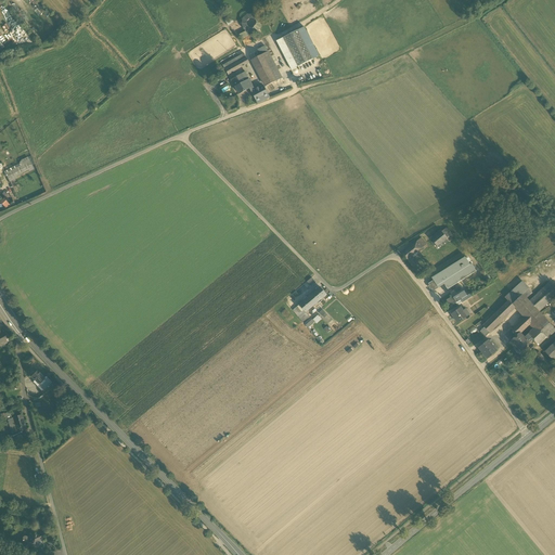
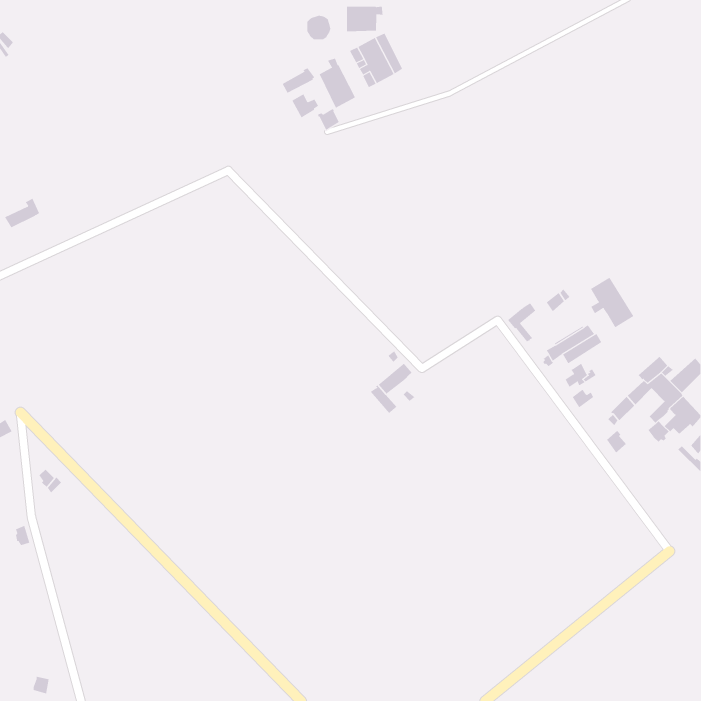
building: none -> [346,6,383,32]
building: none -> [590,277,634,328]

